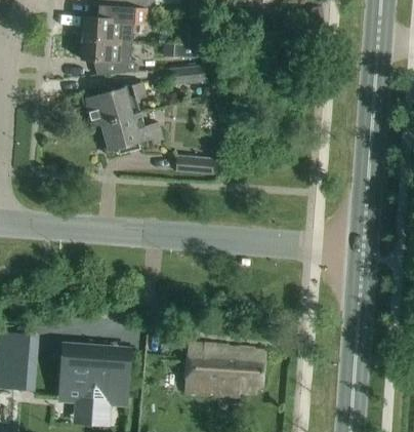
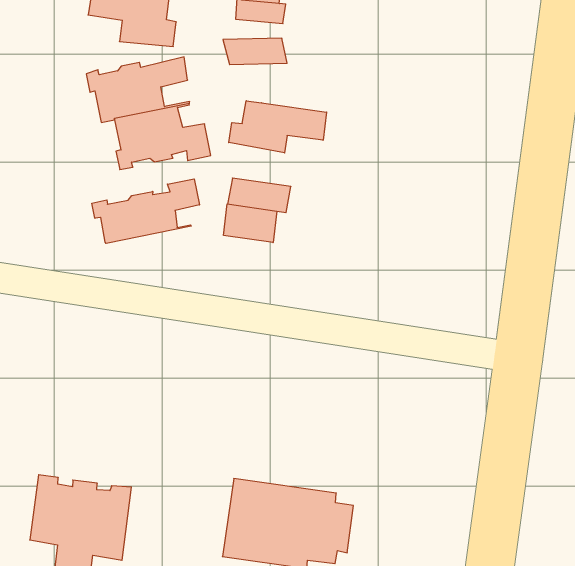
building: none -> [229,101,327,153]
building: none -> [92,179,199,243]
building: none -> [224,204,277,243]

